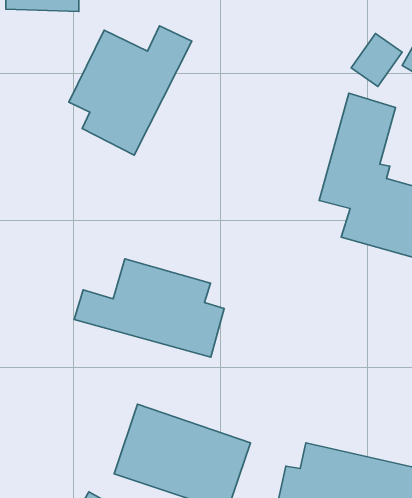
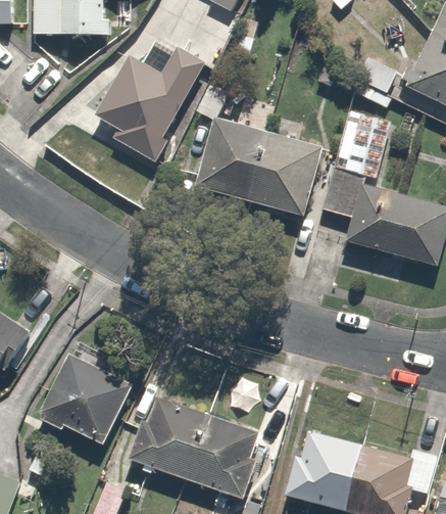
building: none -> [194,80,324,218]
building: [74,259,224,357] -> none
building: none -> [40,353,121,449]

